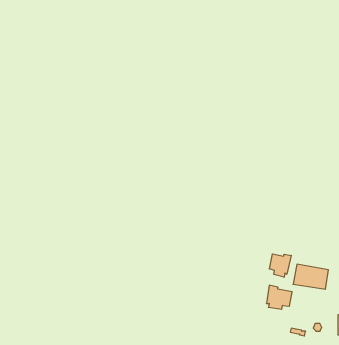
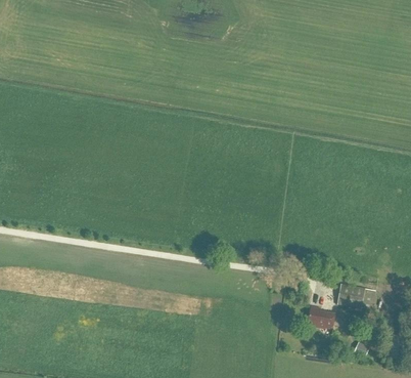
building: [269,254,291,277] -> none

